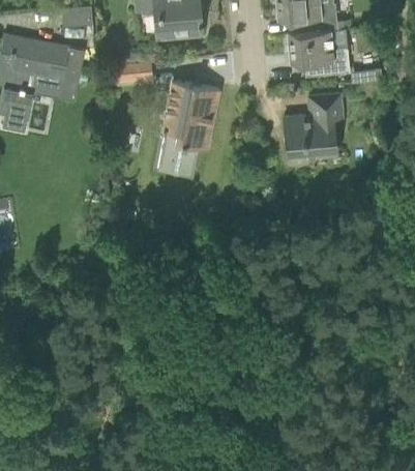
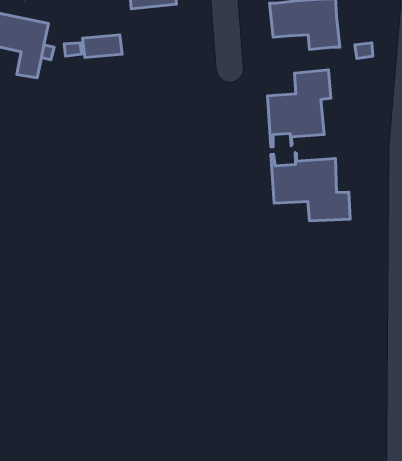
building: [160,80,220,174] -> none
building: none -> [271,153,350,221]

